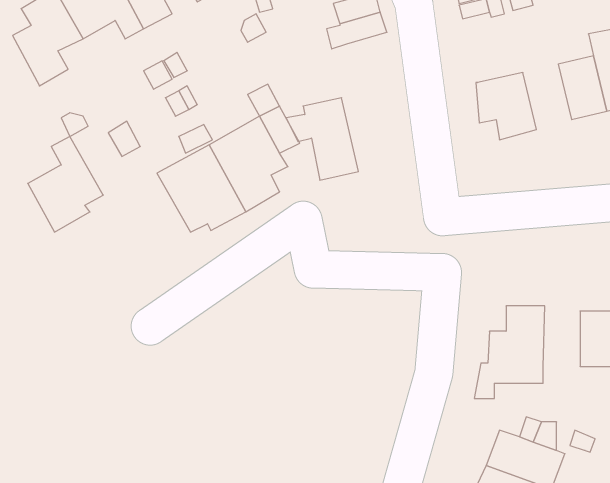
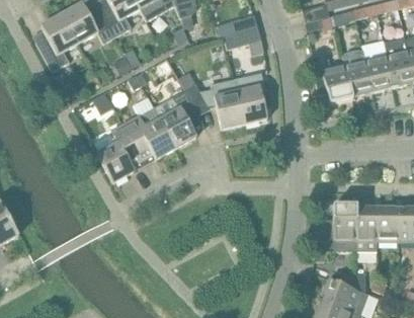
building: none -> [341,49,372,97]
building: none -> [234,72,267,123]
building: [28,136,103,232] -> [97,124,143,181]
building: none -> [355,204,378,250]

